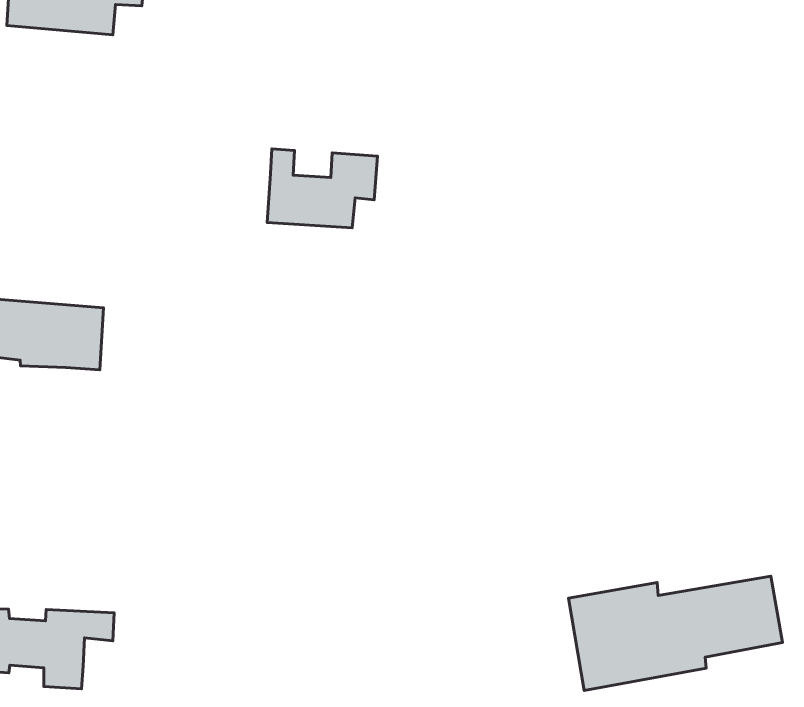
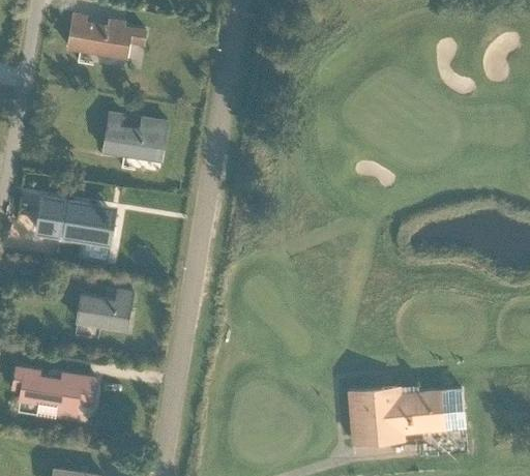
building: [267,149,378,228] -> [104,112,168,159]
building: none -> [77,290,134,330]

